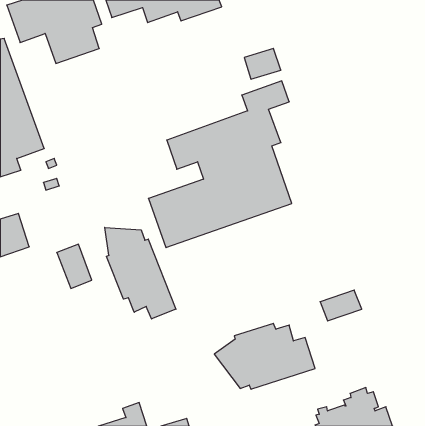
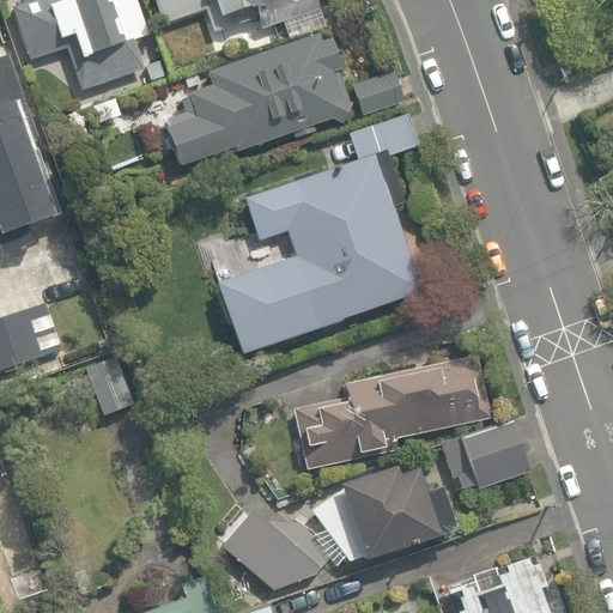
building: none -> [156,32,352,165]
building: [105,227,176,319] -> none
building: none -> [292,353,490,467]
building: none -> [220,514,333,591]

